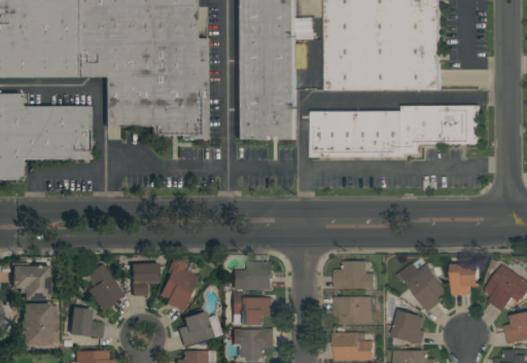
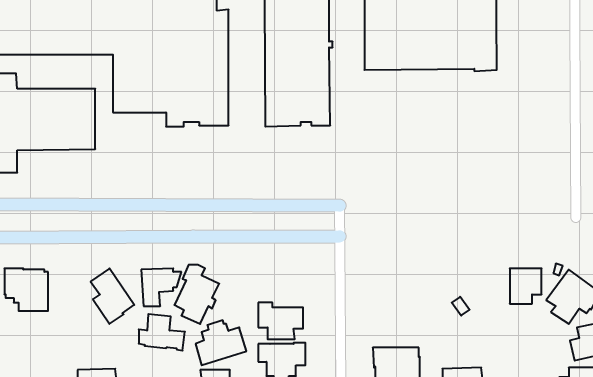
building: [311,105,479,156] -> none
building: [335,260,375,289] -> none
building: [234,261,274,289] -> none
building: [397,262,447,312] -> none
building: [333,296,373,324] -> none
building: [19,303,58,346] -> none
building: [64,307,104,339] -> [139,314,185,351]
building: [385,308,425,344] -> none

